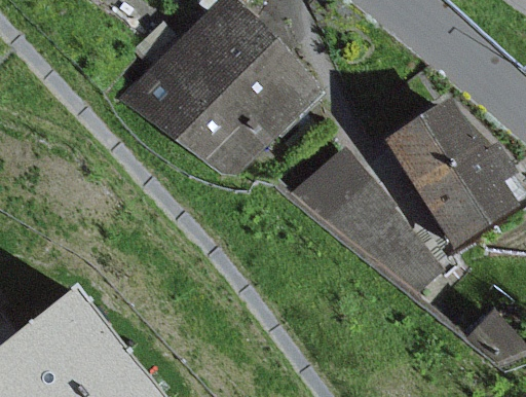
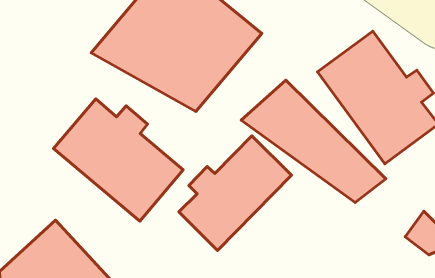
building: none -> [54,99,183,221]
building: none -> [179,136,292,250]

